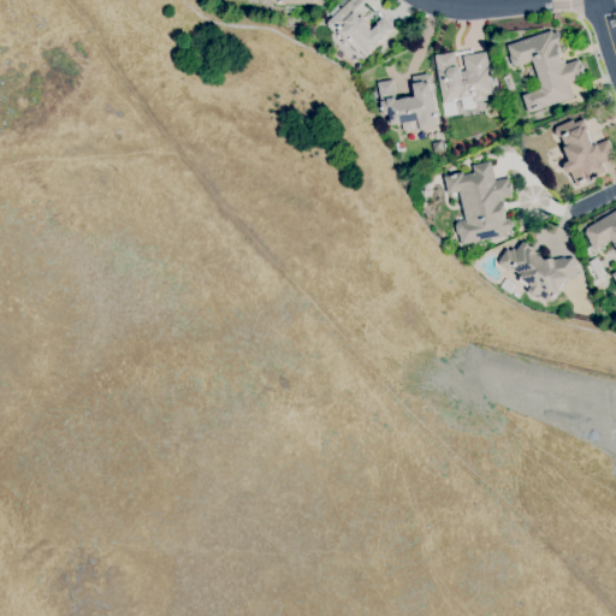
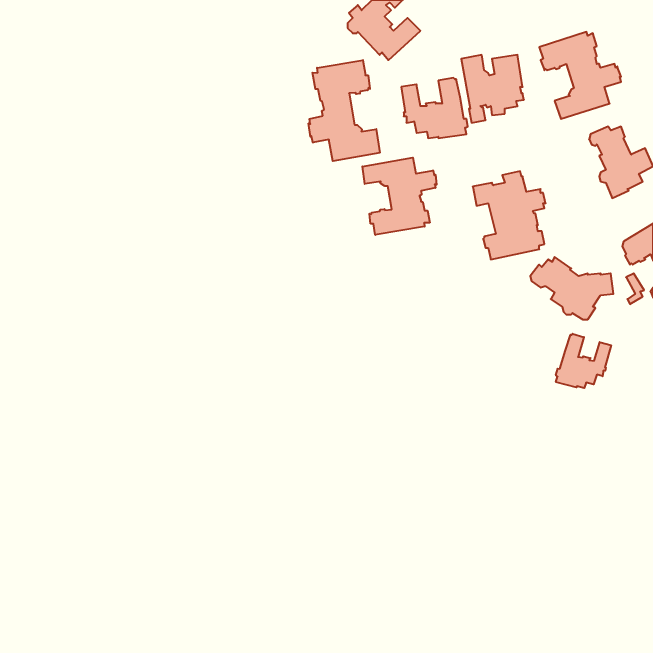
building: none -> [309,60,380,161]
building: none -> [362,158,437,235]
building: none -> [556,334,611,388]

